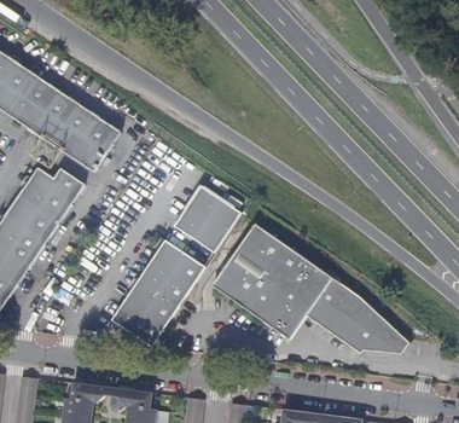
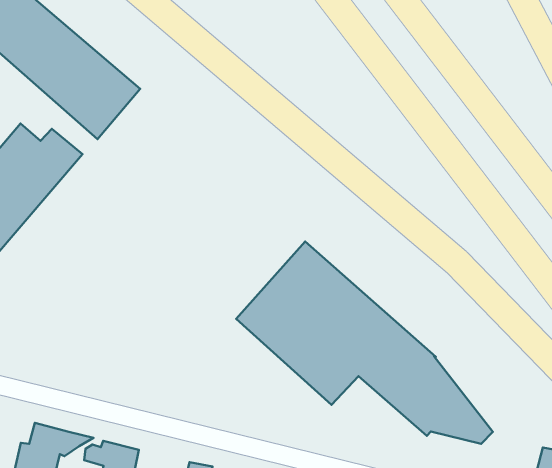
building: [174,185,243,253] -> none
building: [111,239,205,347] -> none

